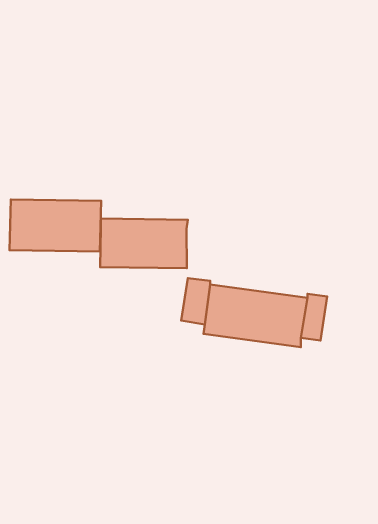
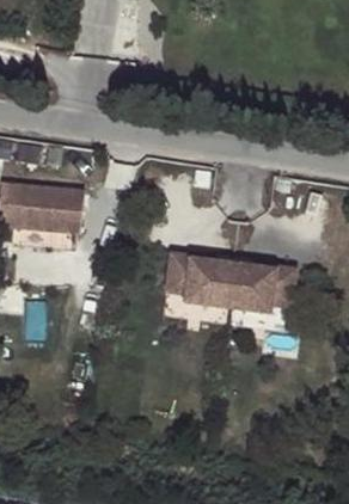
building: [100,219,188,268] -> none

